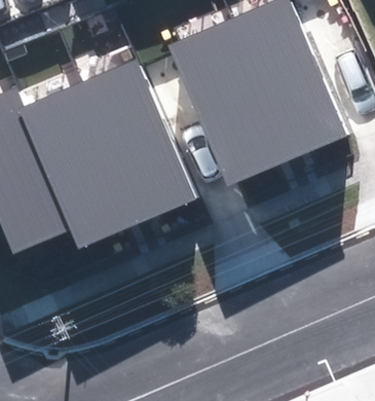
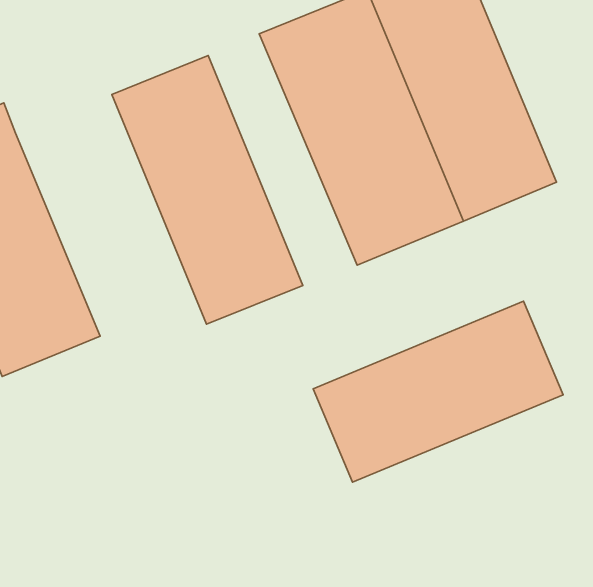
building: [20,82,136,246] -> none
building: none -> [313,301,563,482]

